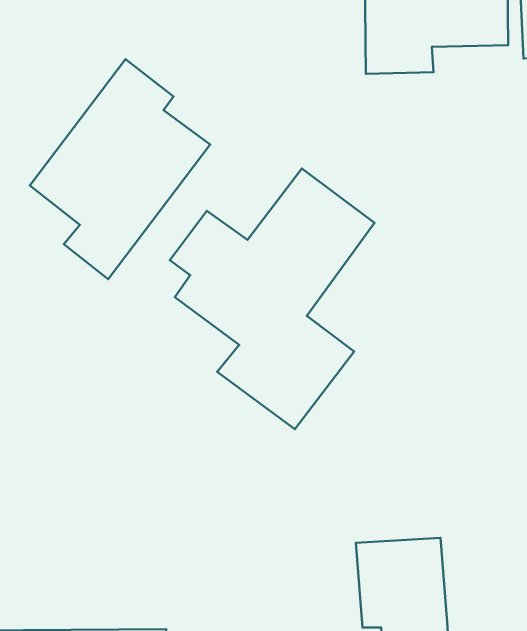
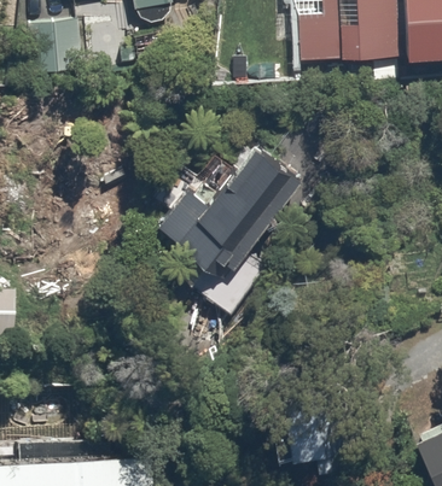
building: [30,59,210,279] -> none

